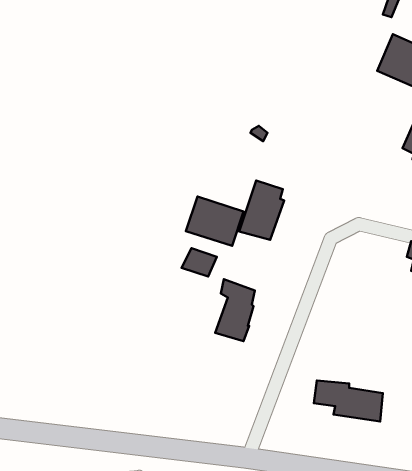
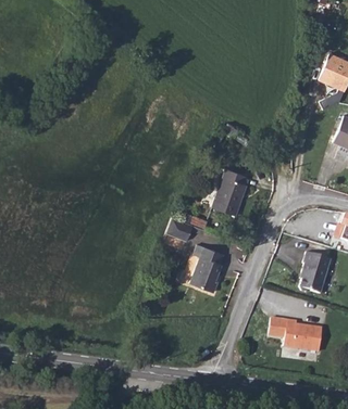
building: [186,197,244,246] -> none
building: none -> [300,253,331,293]

